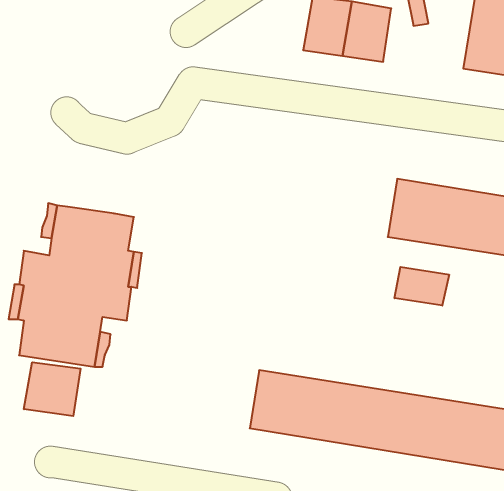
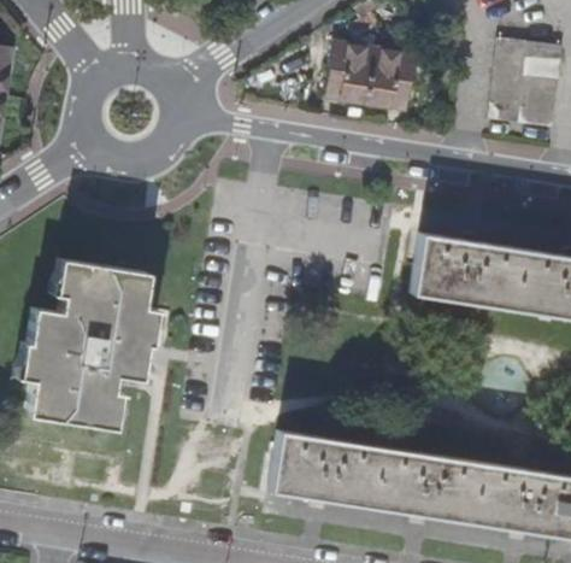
building: [395,267,449,306] -> none
building: [24,362,81,416] -> none

